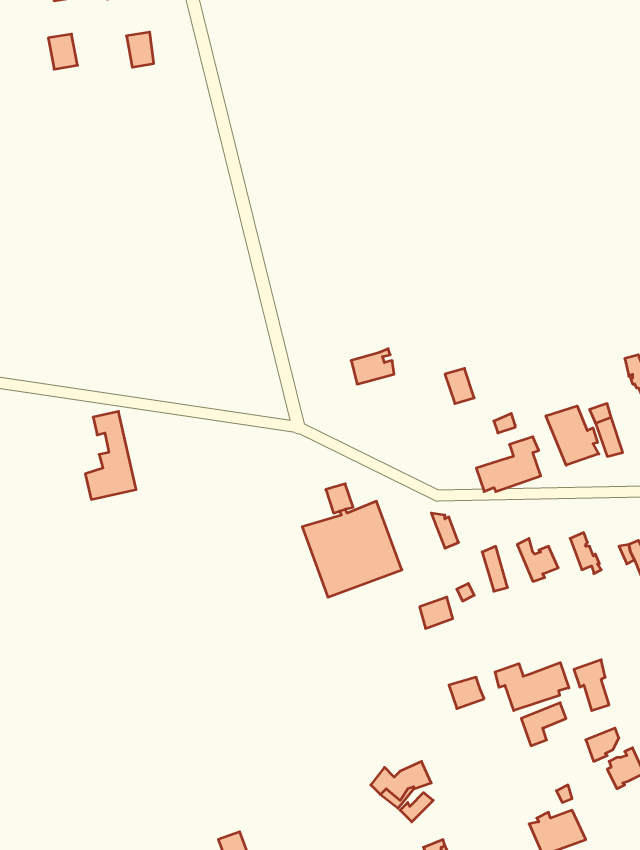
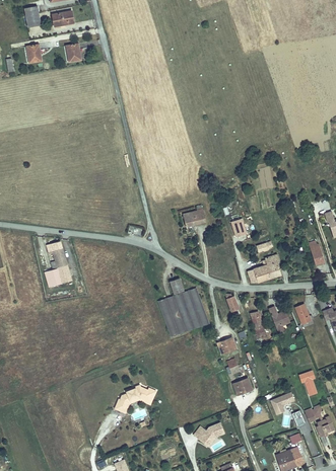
building: [546,406,599,465] -> none
building: [495,663,569,711] -> none
building: none -> [115,385,155,413]

